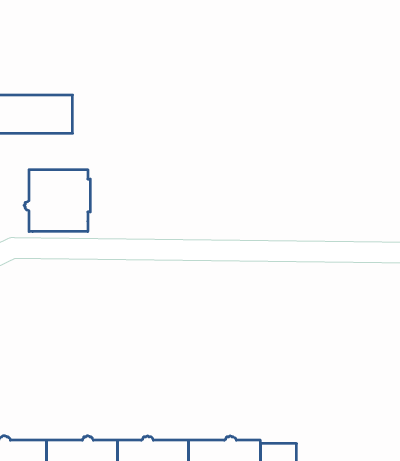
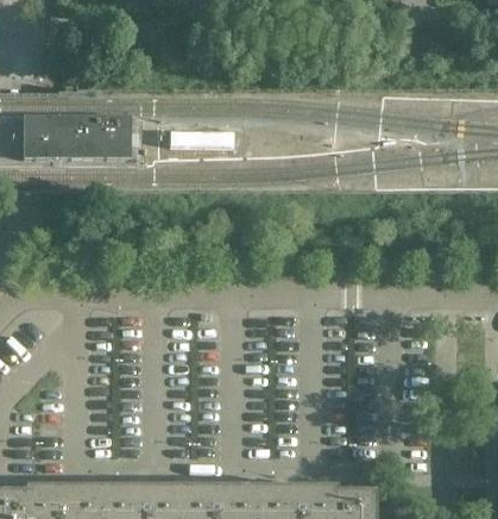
building: [24,170,90,232] -> none

